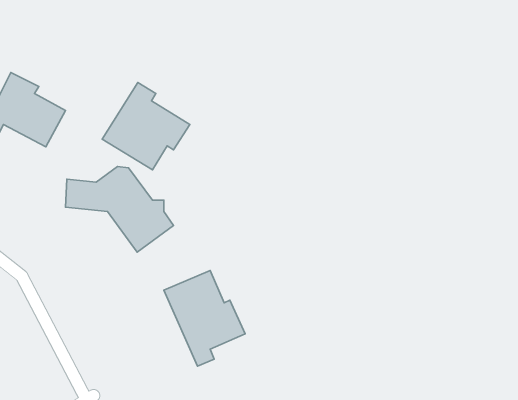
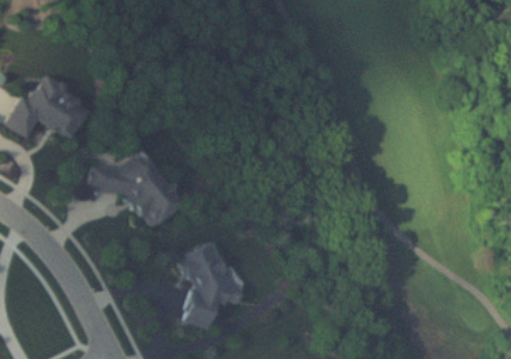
building: [102,82,190,170] -> none

